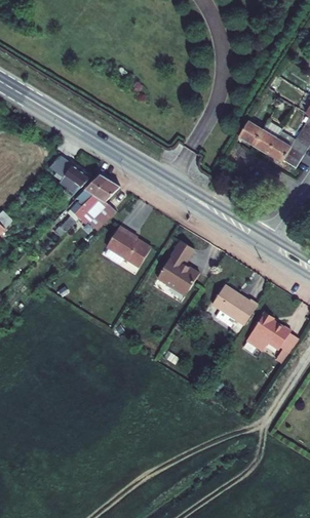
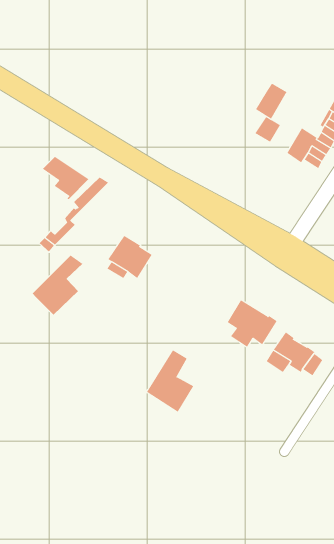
building: [253,120,281,153] -> [255,83,287,119]
building: [74,178,120,233] -> [32,255,83,315]
building: [158,240,201,296] -> [146,349,194,412]

